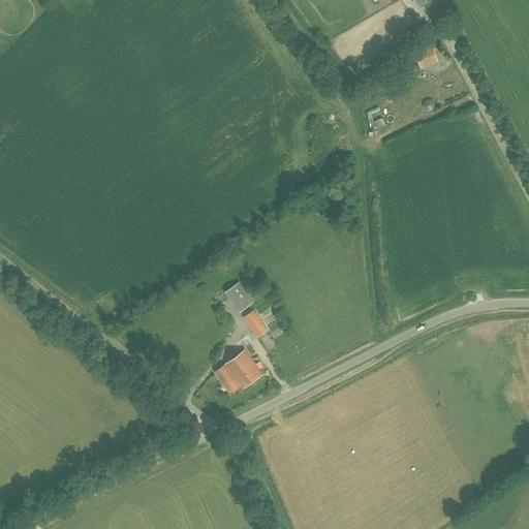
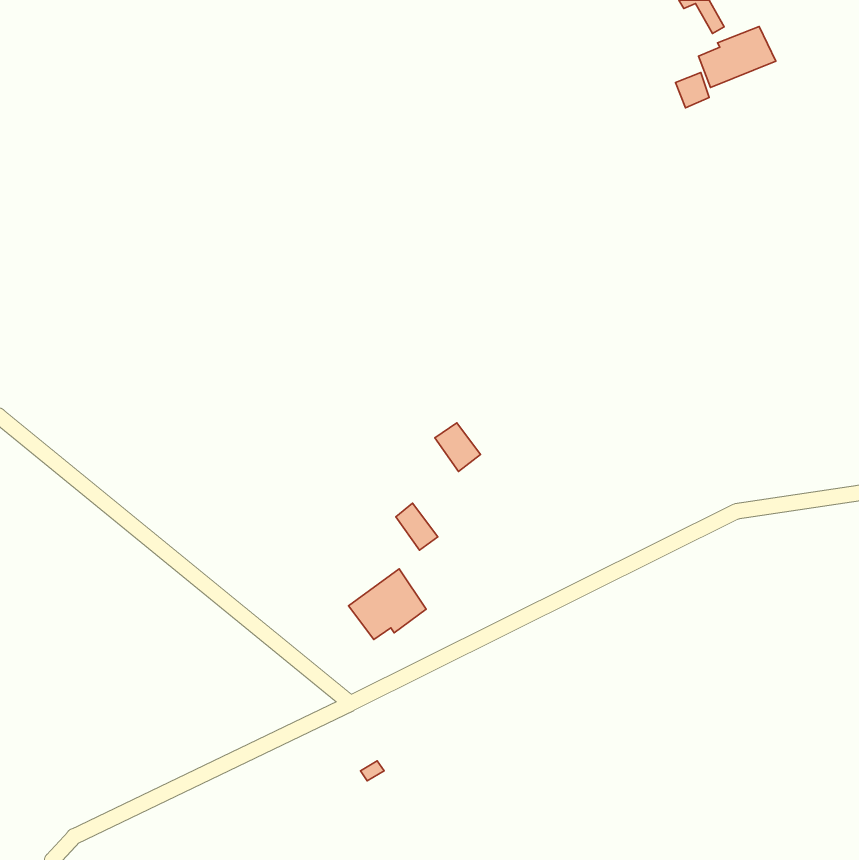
building: none -> [698,26,776,87]
building: [224,282,252,312] -> [435,423,480,471]

